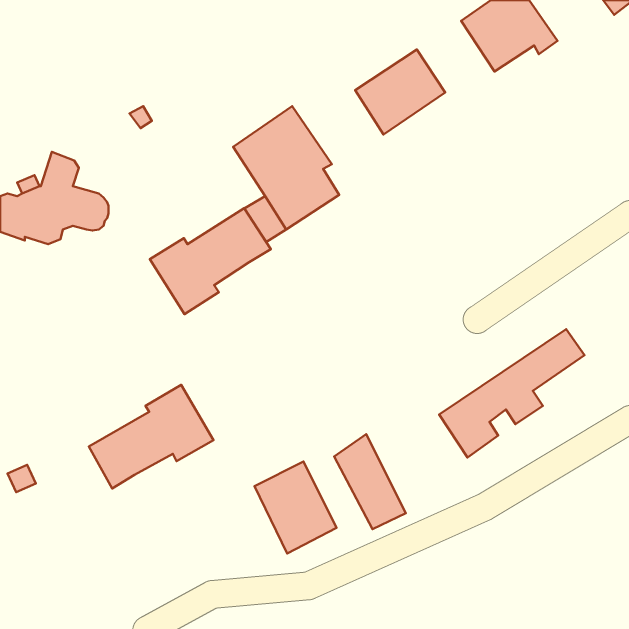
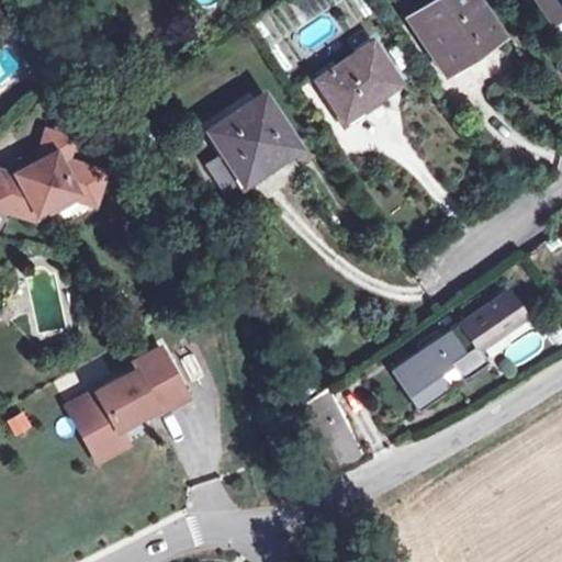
building: [150,208,271,314] -> none
building: none -> [70,398,131,458]
building: [255,462,337,554] -> none

